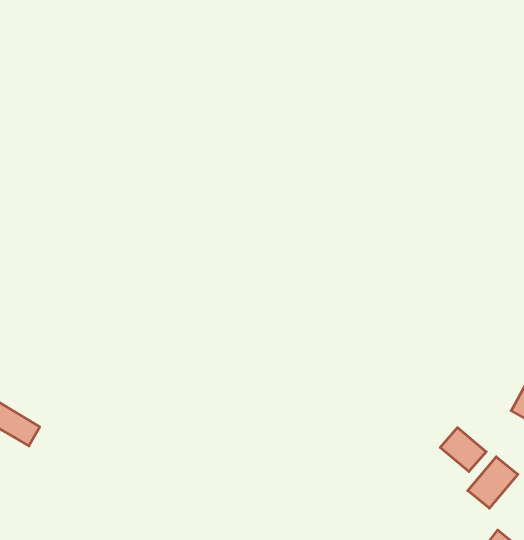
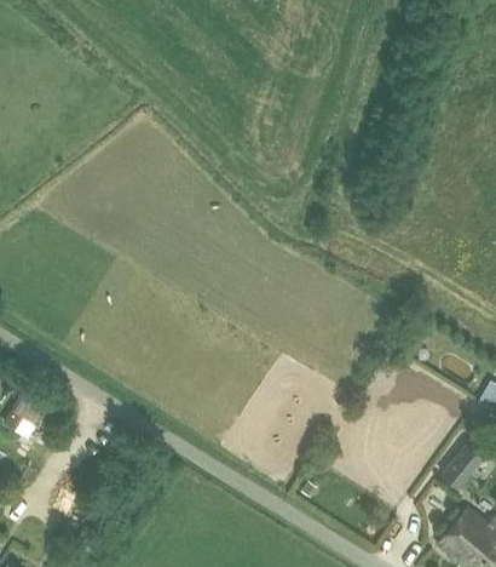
building: [440,428,486,472] -> none

